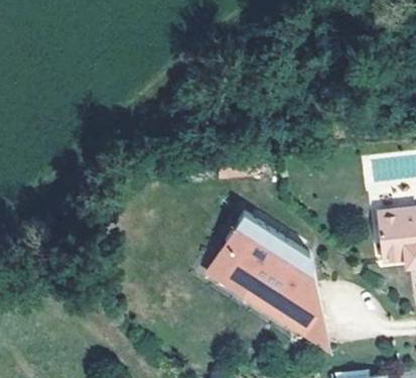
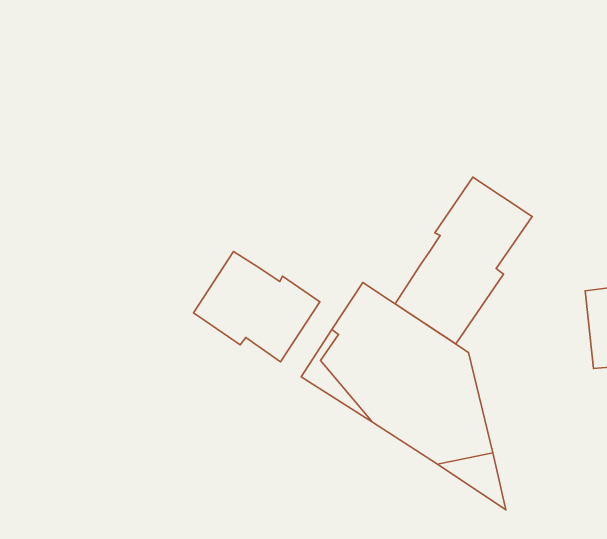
building: none -> [395,177,532,344]
building: none -> [194,252,320,362]

